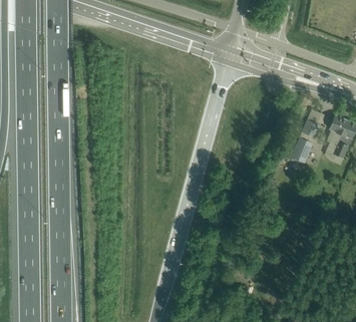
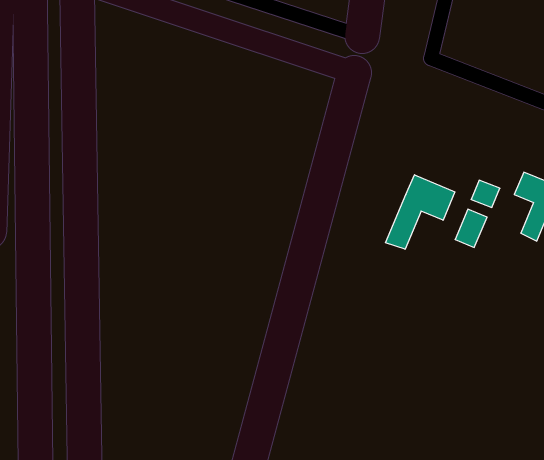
building: none -> [386,175,455,249]

